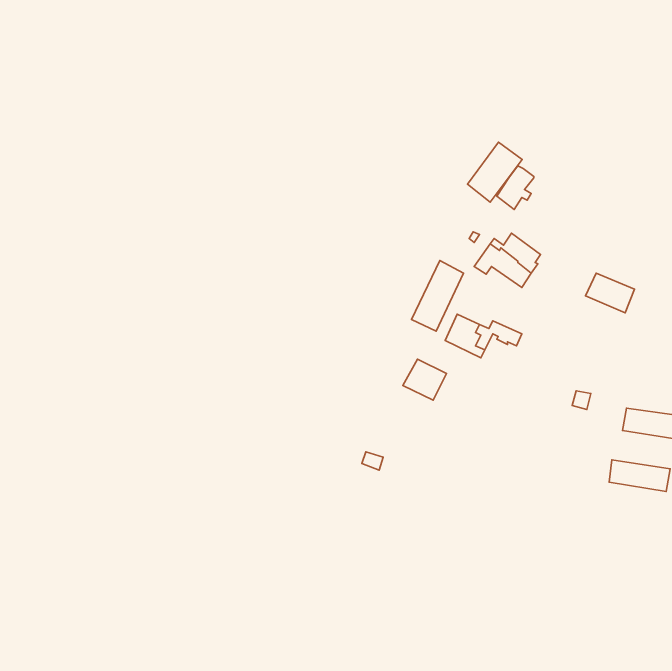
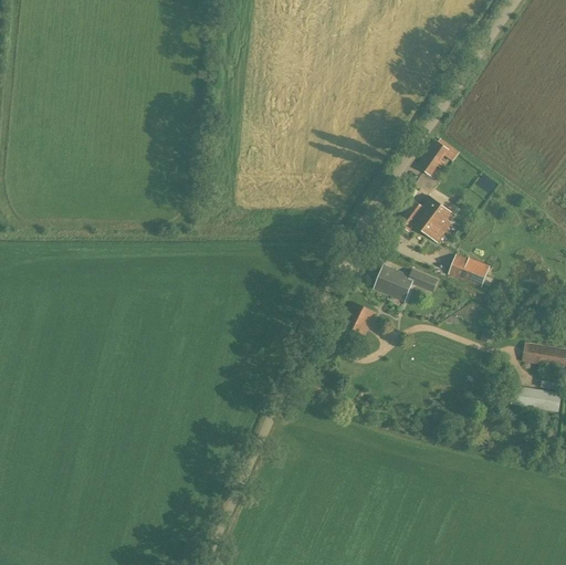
building: [467,142,522,202] -> none
building: [411,260,464,331] -> none
building: [586,273,635,313] -> [449,255,490,289]

